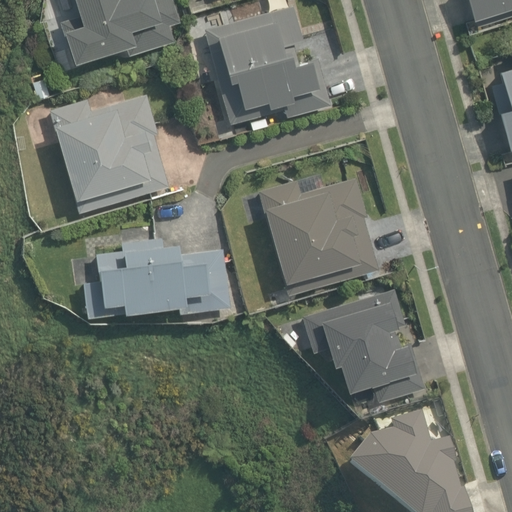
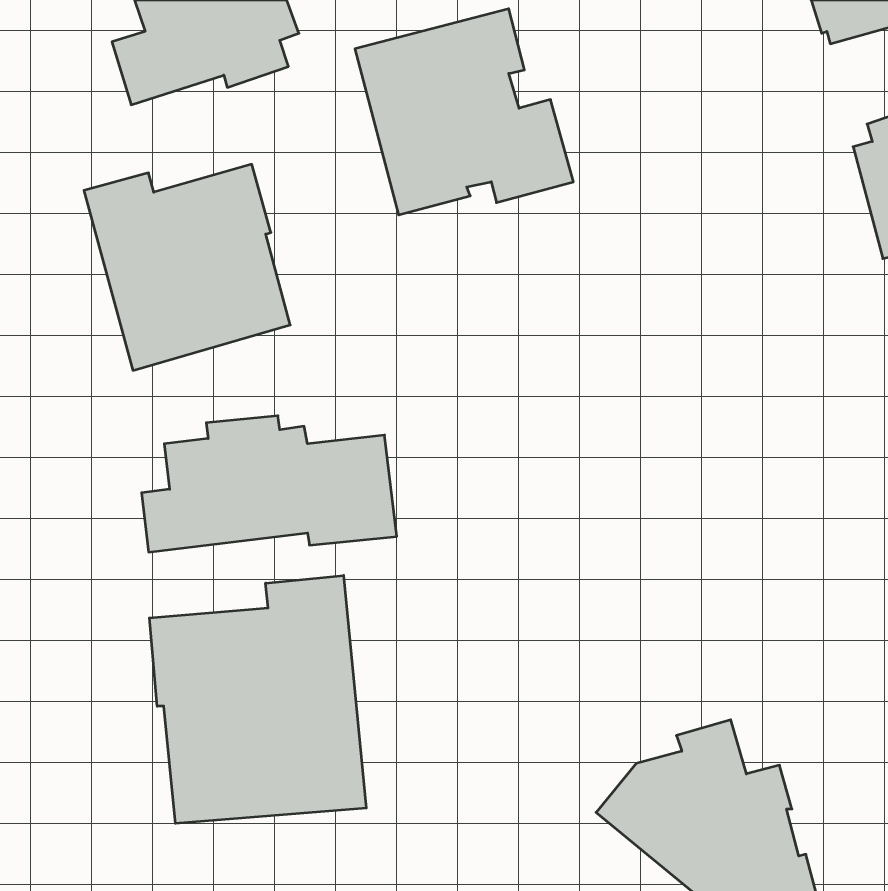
building: [259,178,379,294] -> none
building: [302,289,423,402] -> none
building: none -> [149,575,366,823]

